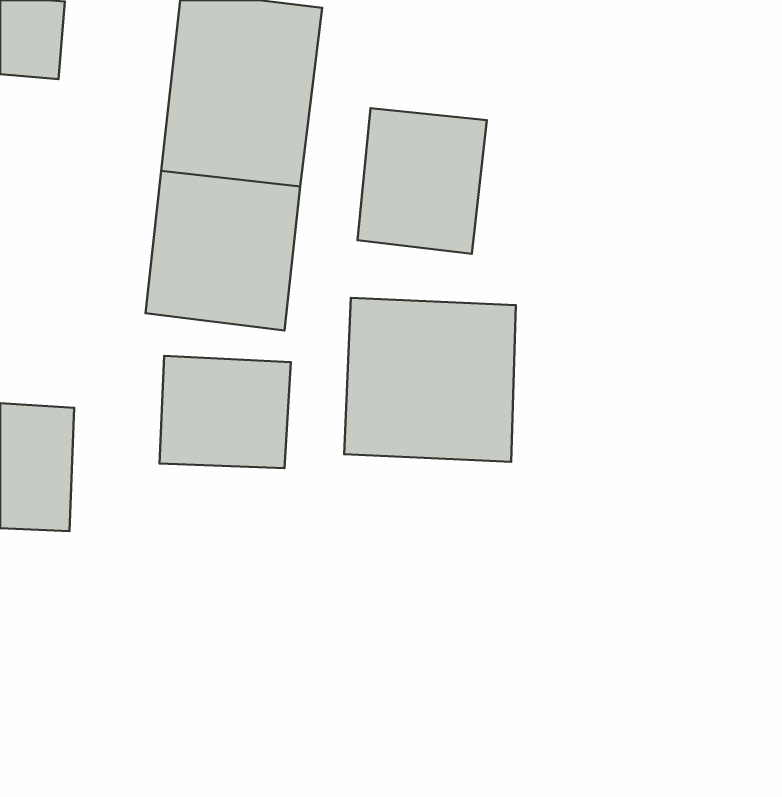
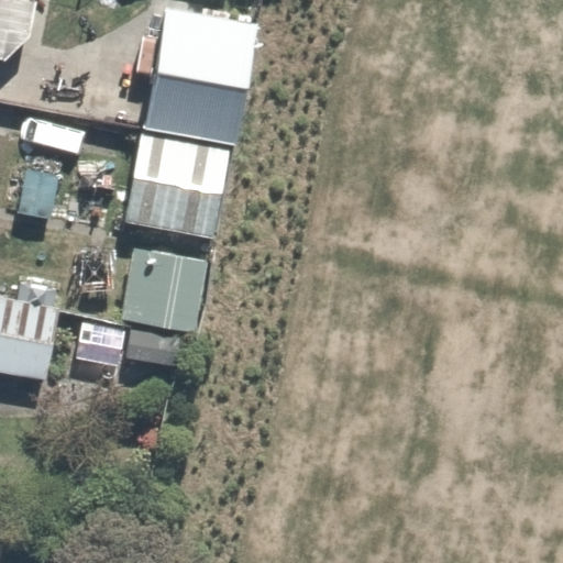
building: [357,108,487,254] -> none
building: [344,298,516,462] -> none

